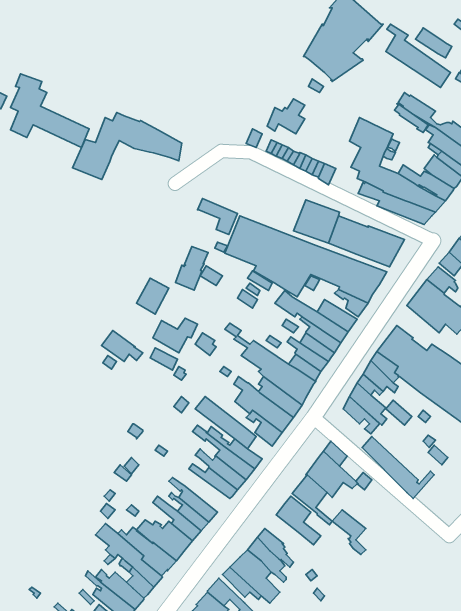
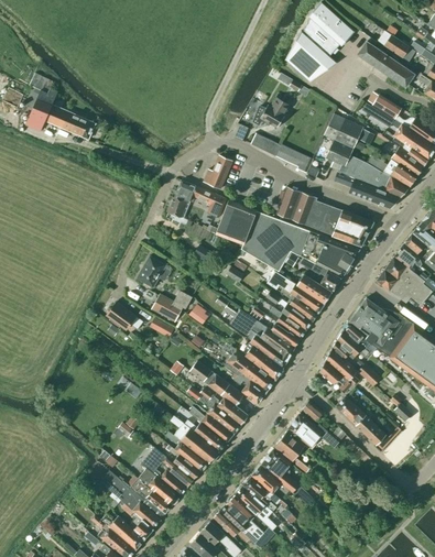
building: [73,112,182,179] -> none
building: none -> [204,155,232,189]
building: [176,246,208,290] -> [166,181,195,219]
building: none -> [170,417,219,463]
building: [332,510,366,555] -> [251,466,281,505]

